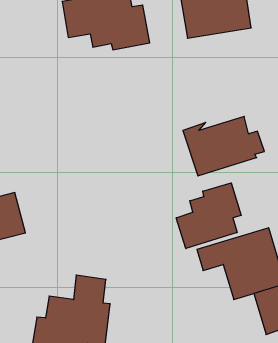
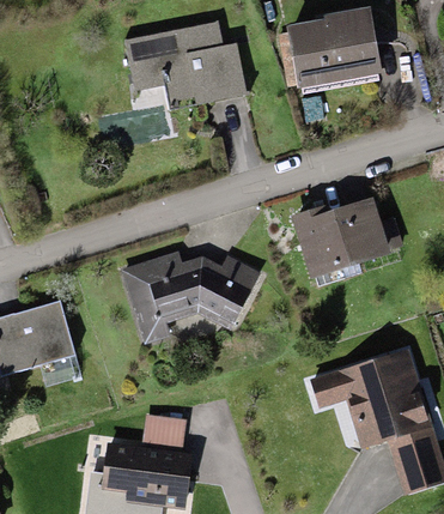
building: none -> [120,250,260,343]
building: [176,183,241,249] -> none

